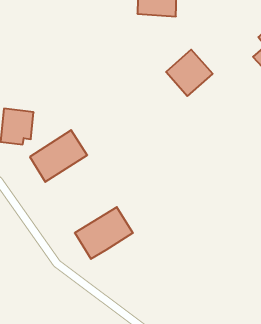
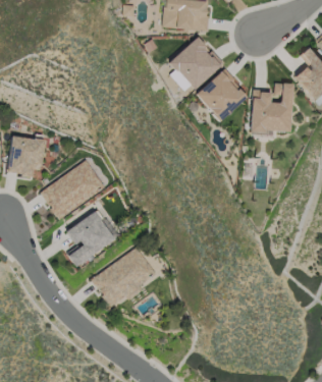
building: none -> [168,38,223,91]
building: none -> [250,84,291,132]
building: none -> [65,212,114,267]

